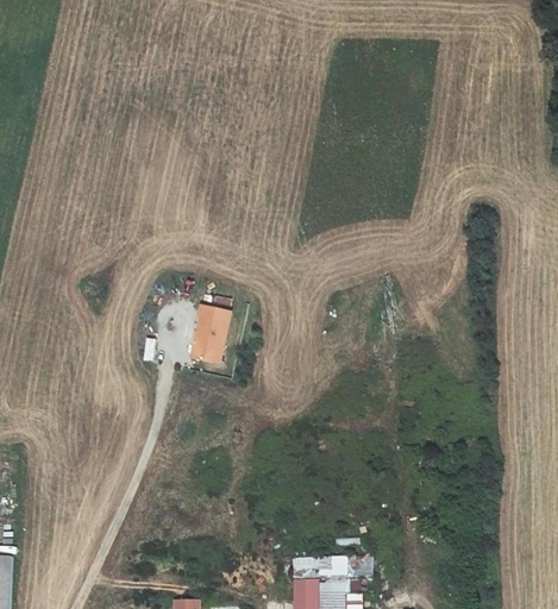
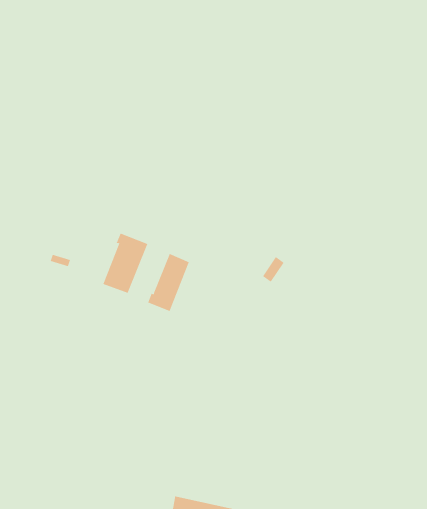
building: none -> [148,253,190,312]

